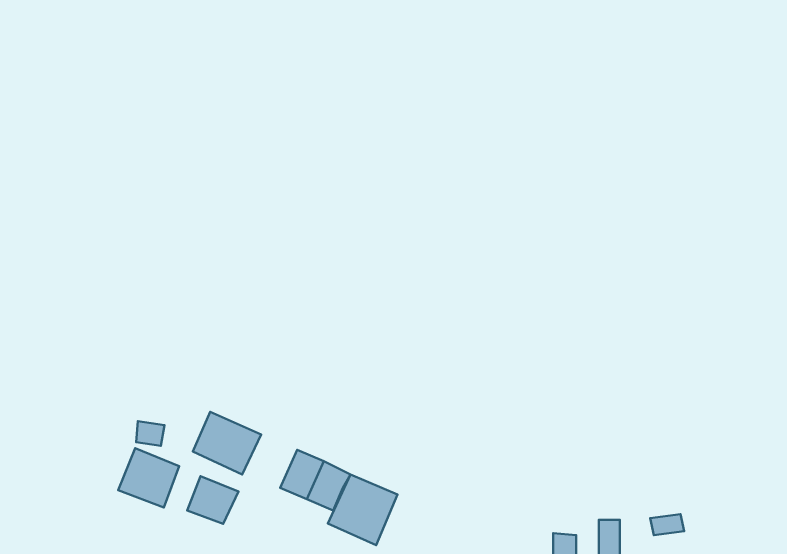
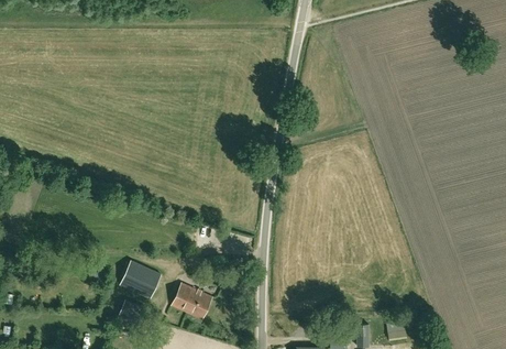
building: [118,448,179,507] -> none
building: [328,474,398,545] -> none

